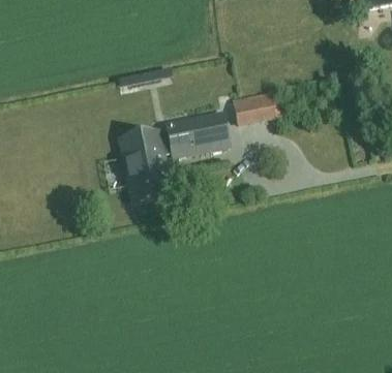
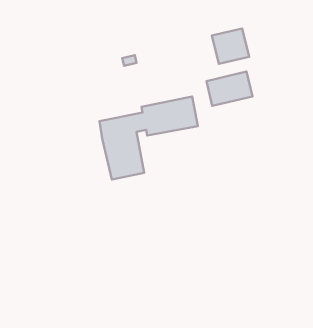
building: none -> [212,28,249,64]

